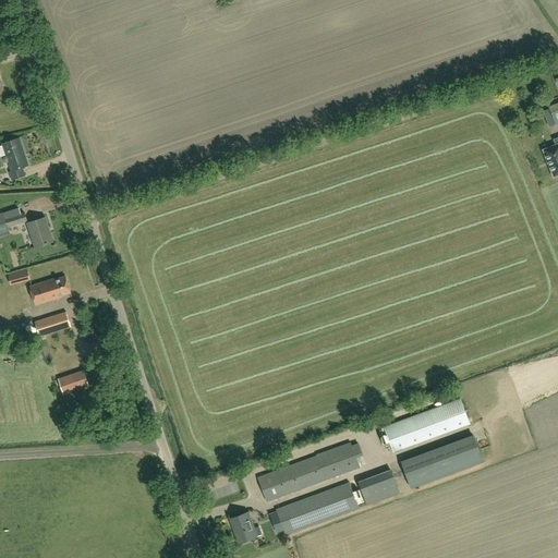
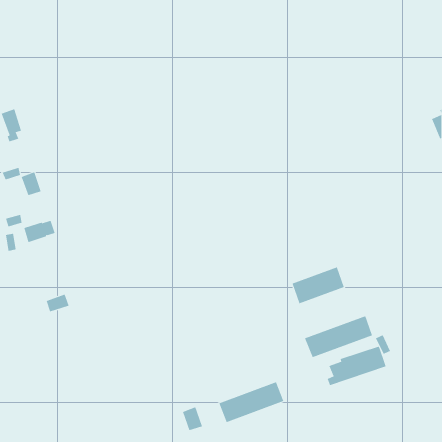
building: [34,311,70,335] -> none
building: none -> [292,267,344,304]
building: [256,441,357,500] -> none
building: [359,471,399,504] -> none

